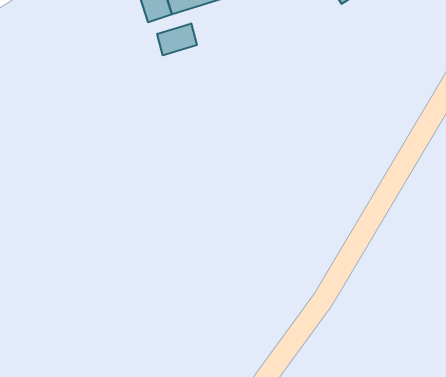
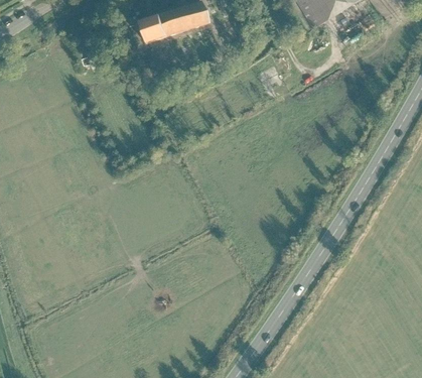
building: [157,23,197,55] -> none

